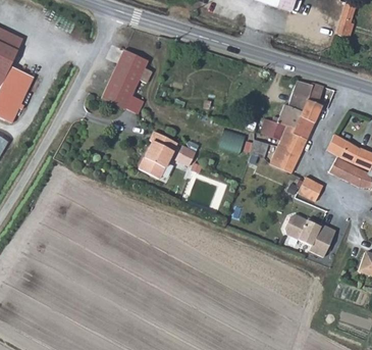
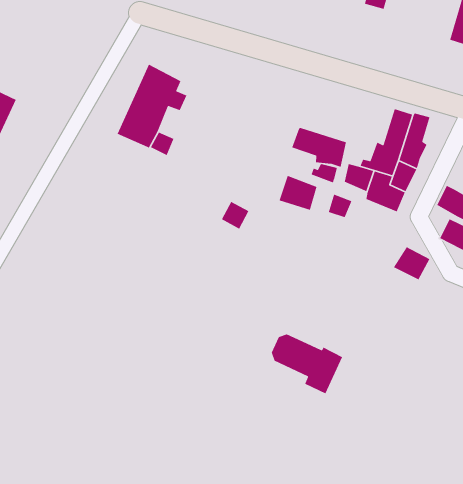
building: none -> [291,127,347,168]
building: [139,132,177,179] -> none
building: [269,145,300,173] -> none
building: [284,214,335,257] -> [271,334,343,394]

